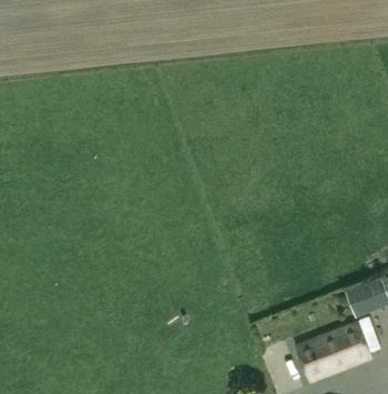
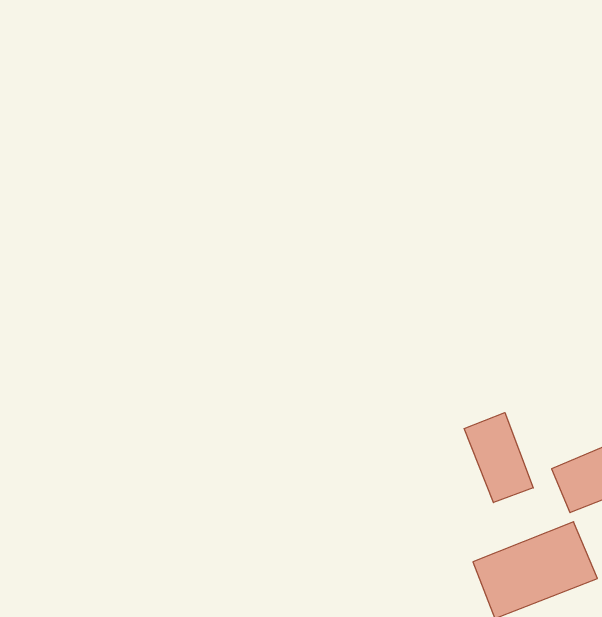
building: none -> [464,413,533,503]

